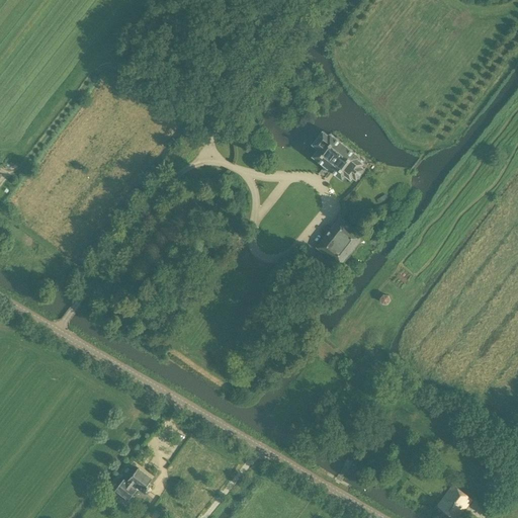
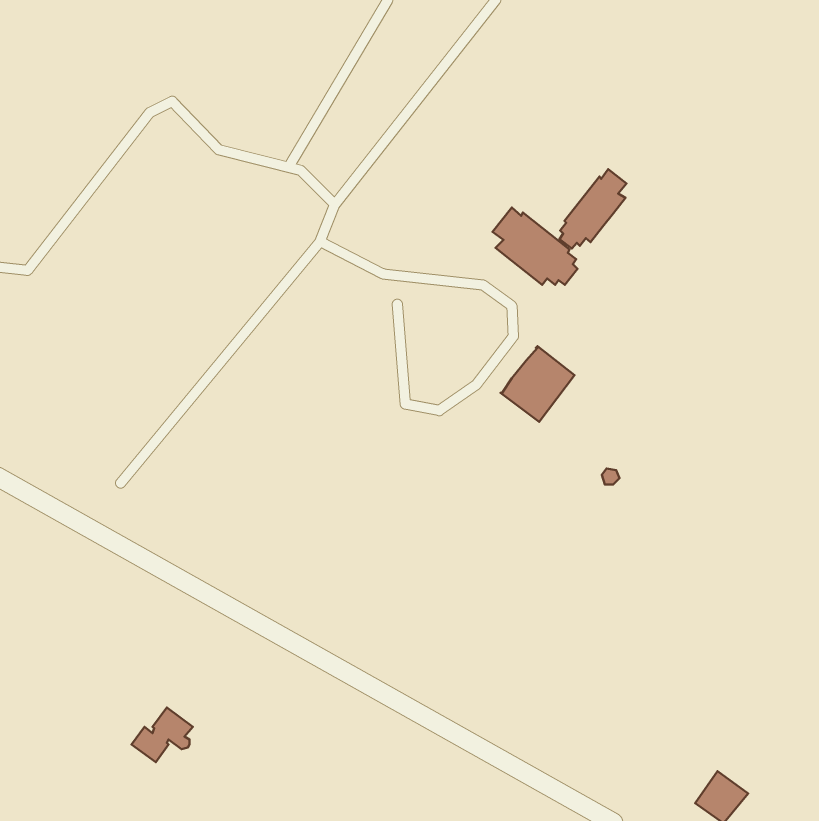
building: none -> [560,169,627,249]
building: [112,467,151,502] -> [132,707,193,762]

